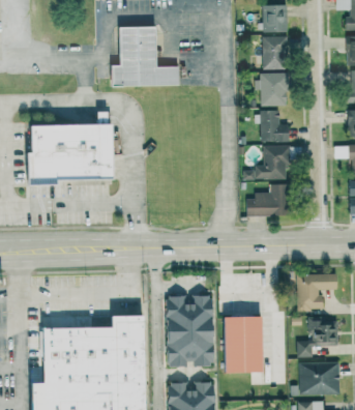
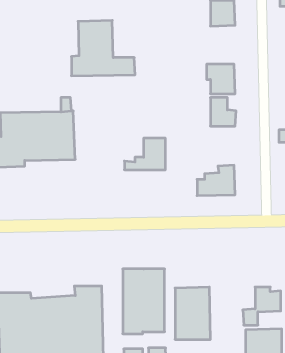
building: [262,36,287,69] -> none
building: [243,145,288,179] -> [124,138,165,170]
building: [296,273,336,310] -> none

